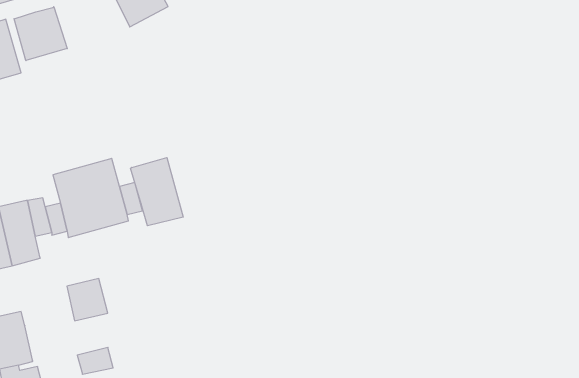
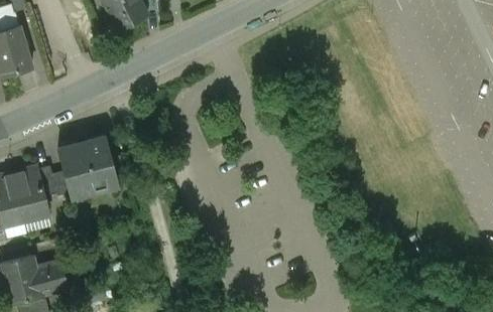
building: [14,7,67,61] -> none
building: [130,158,183,226] -> none
building: [67,279,108,321] -> [36,261,69,294]

